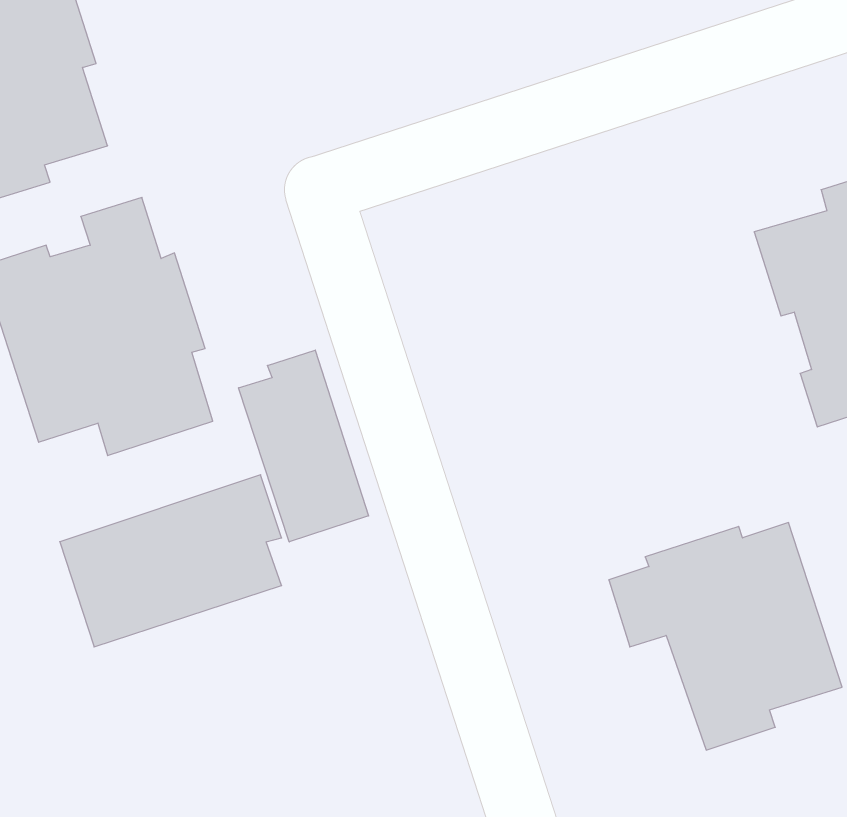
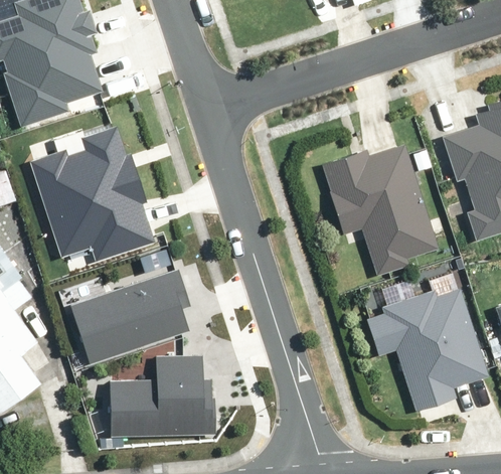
building: none -> [317,147,435,275]
building: [239,350,369,542] -> none
building: none -> [114,353,217,434]

